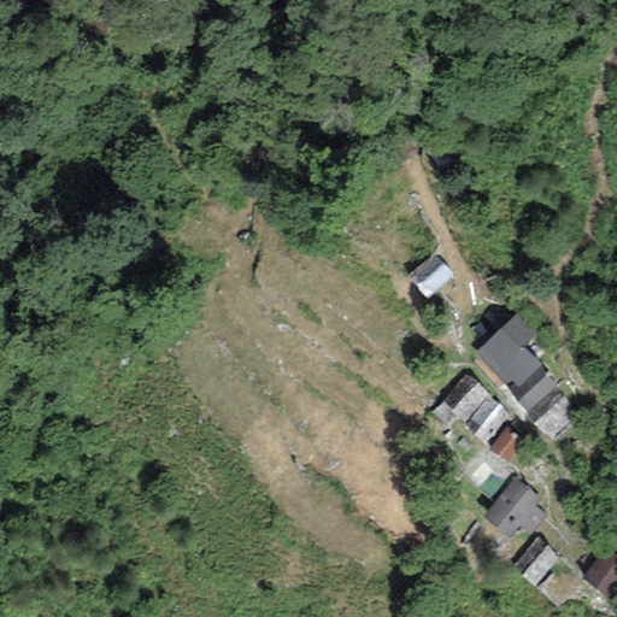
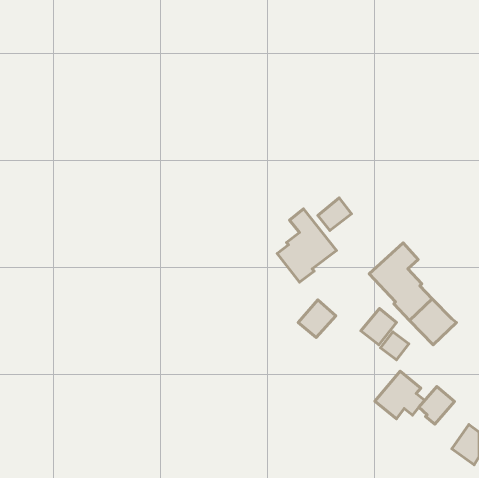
building: none -> [277,209,336,282]
building: [441,372,489,421] -> [298,300,336,337]
building: [513,536,559,584] -> [419,387,455,424]

